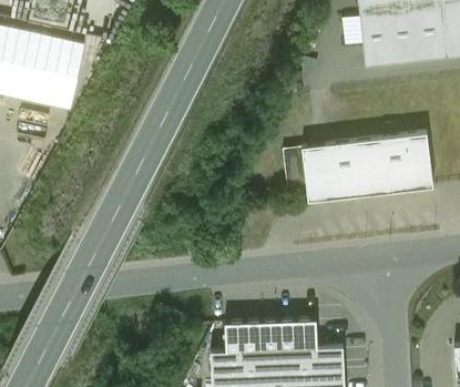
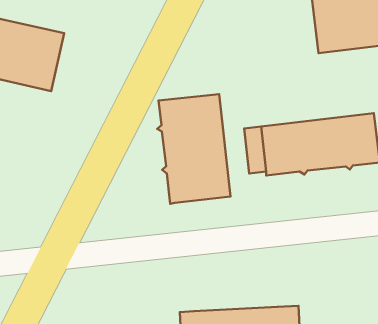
building: none -> [157,94,231,204]
building: [226,319,320,352] -> none

